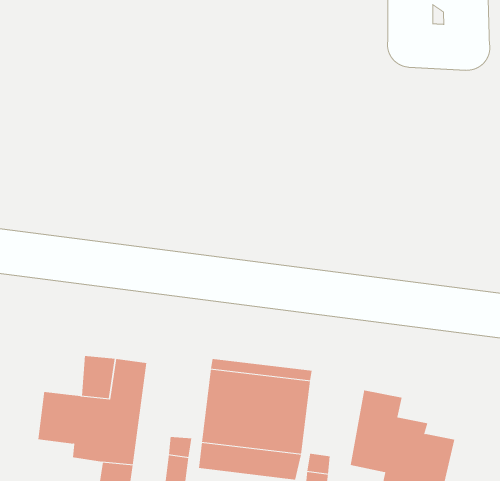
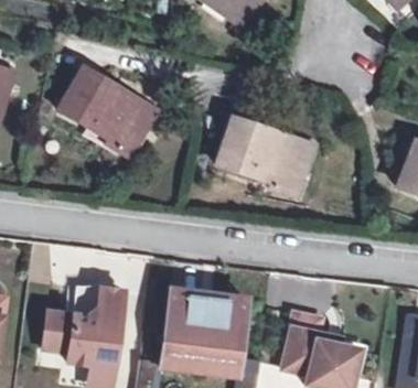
building: none -> [61,67,156,154]
building: none -> [221,118,313,195]

